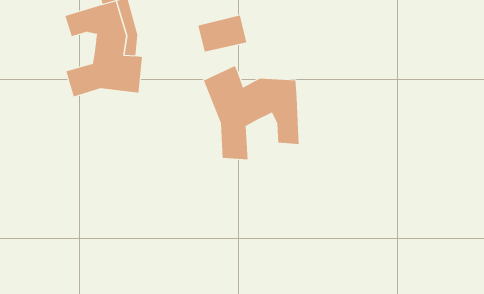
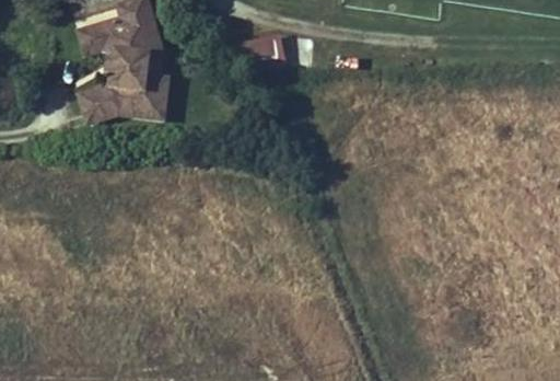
building: [203,65,299,160] -> none

